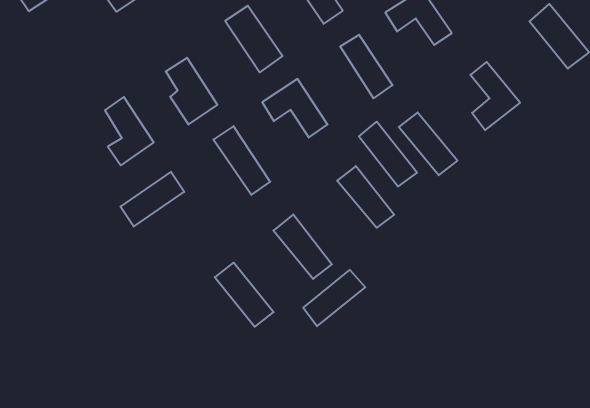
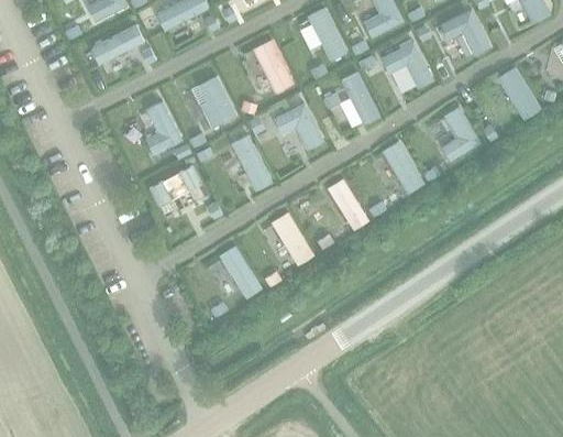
building: none -> [90,23,144,64]
building: [359,122,417,187] -> none
building: [303,270,365,326] -> none

